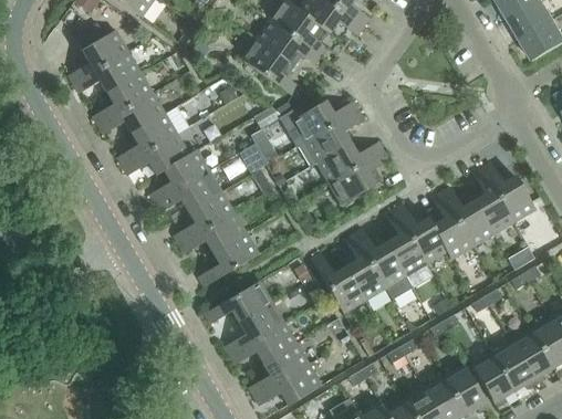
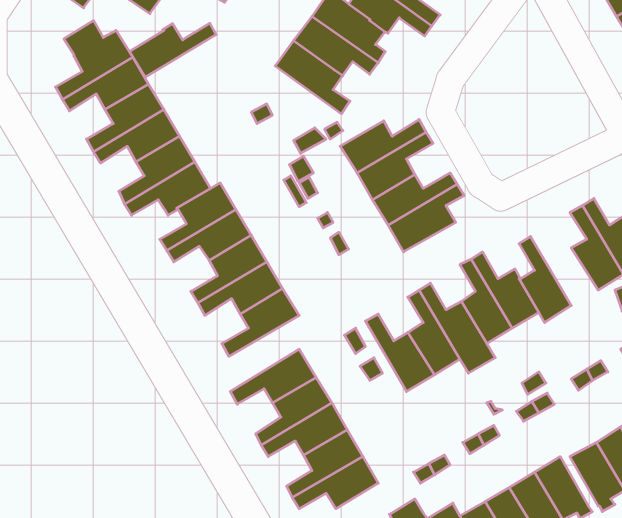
building: none -> [129,23,216,77]
building: [440,187,493,247] -> none

